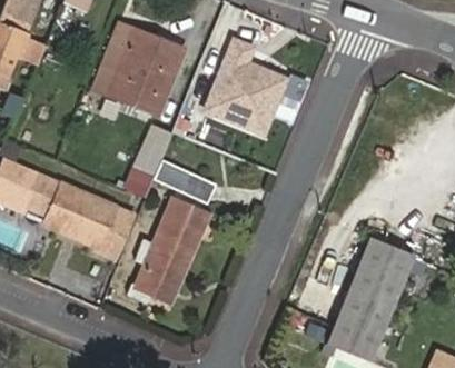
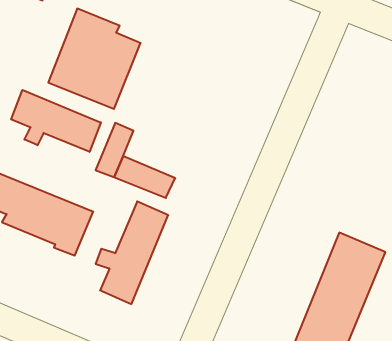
building: [204,36,289,135] -> none
building: none -> [11,90,101,152]

